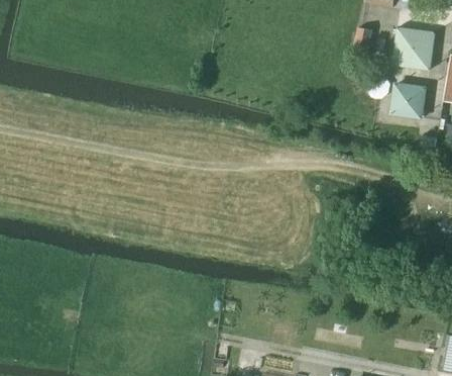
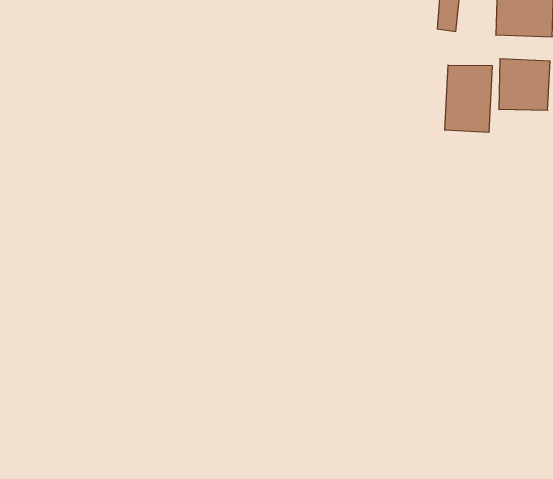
building: none -> [445,65,492,132]

